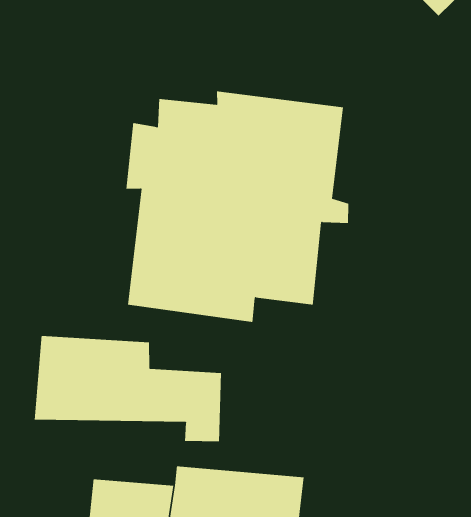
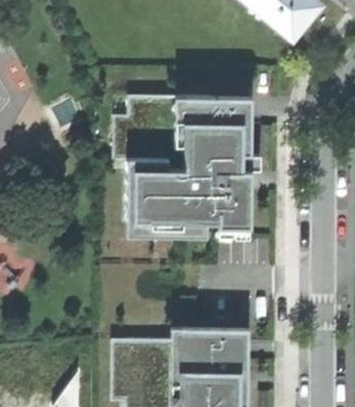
building: [34,335,222,442] -> none

